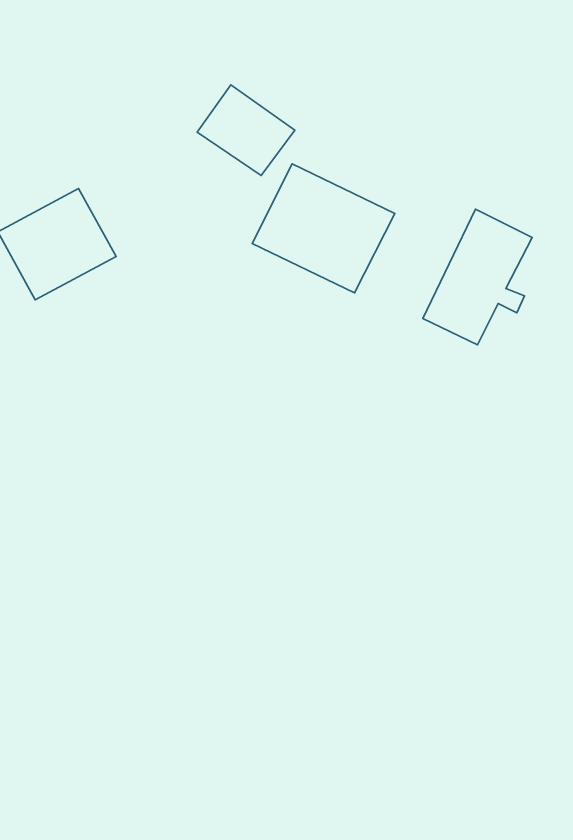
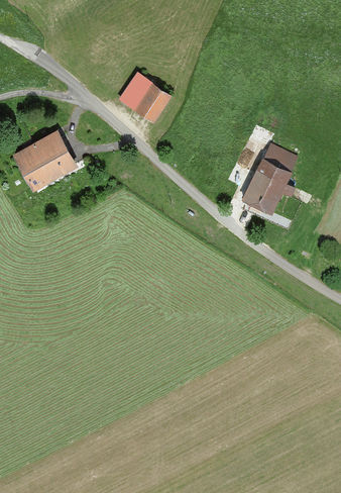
building: [252,164,395,293] -> none

